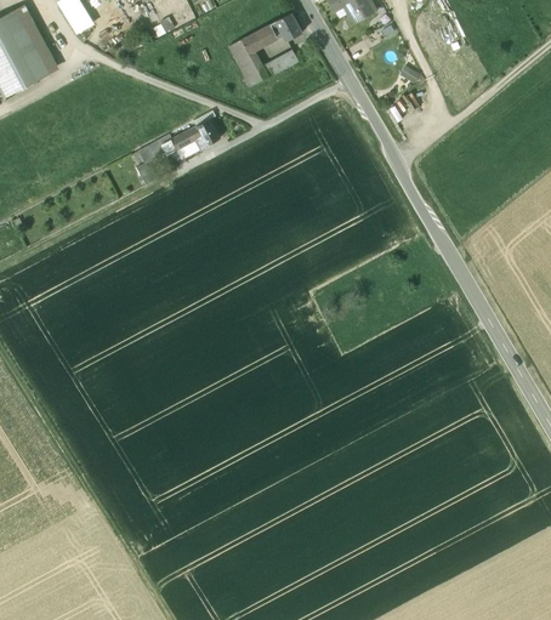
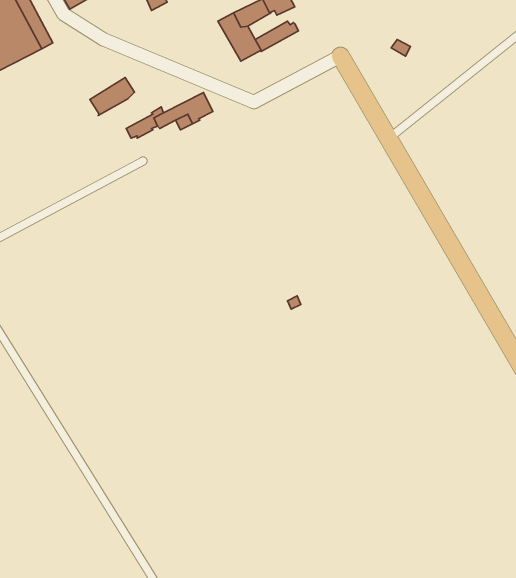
building: none -> [90,78,134,115]

